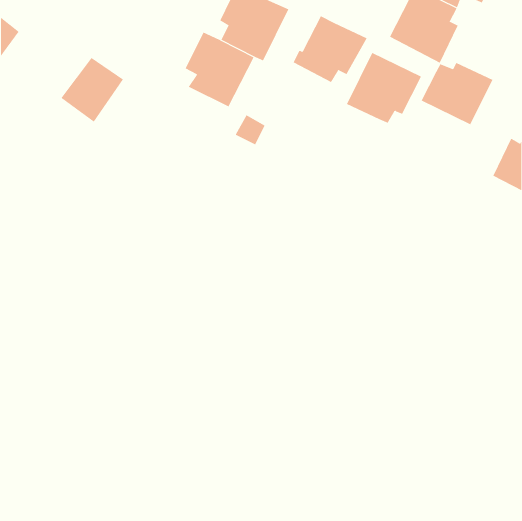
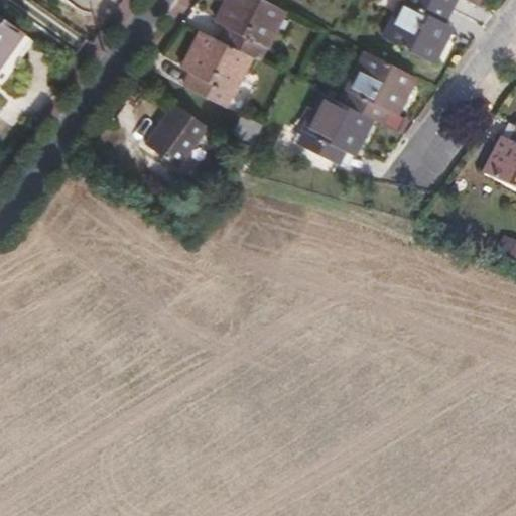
building: [293,16,367,83] -> [300,96,374,162]
building: [60,57,124,122] -> [143,104,206,168]
building: [421,62,493,125] -> none

